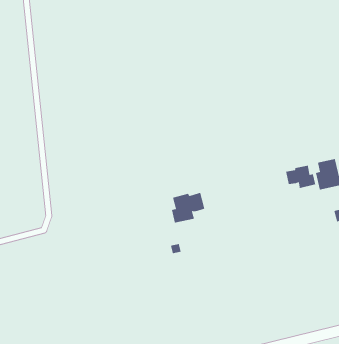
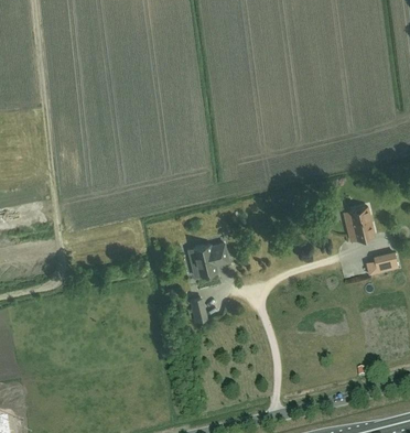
building: [285,165,316,189] -> none

